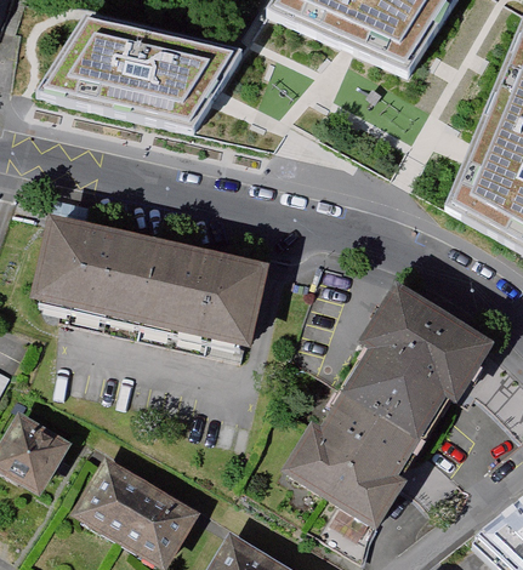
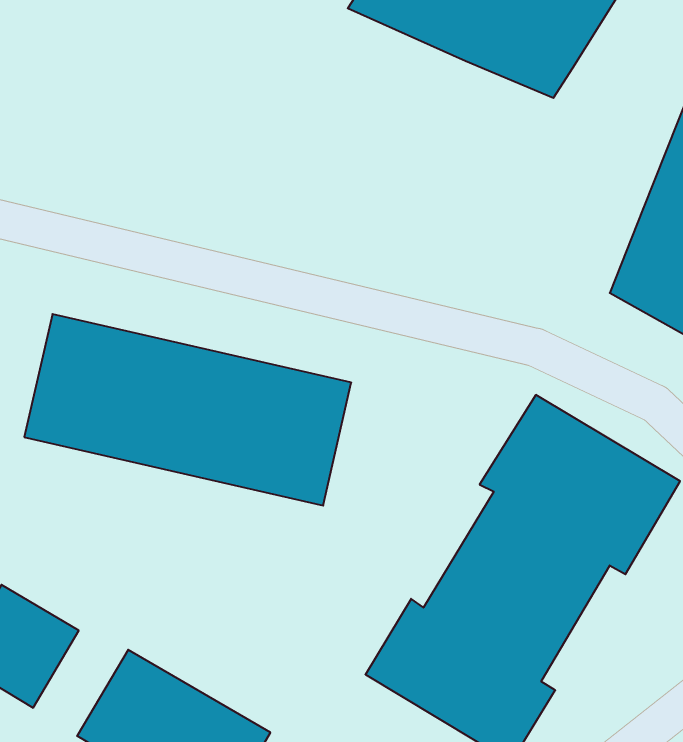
building: [38,22,240,130] -> none

